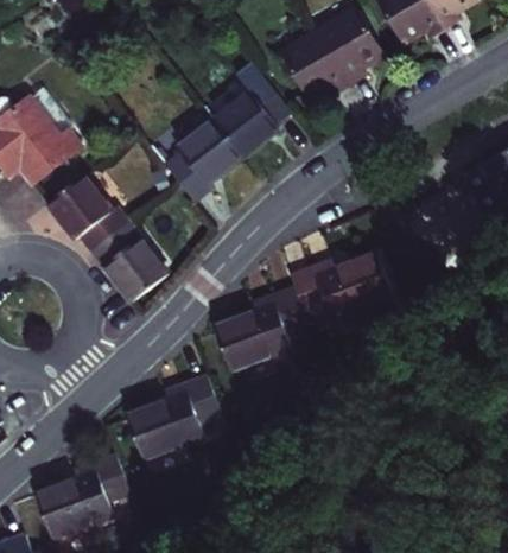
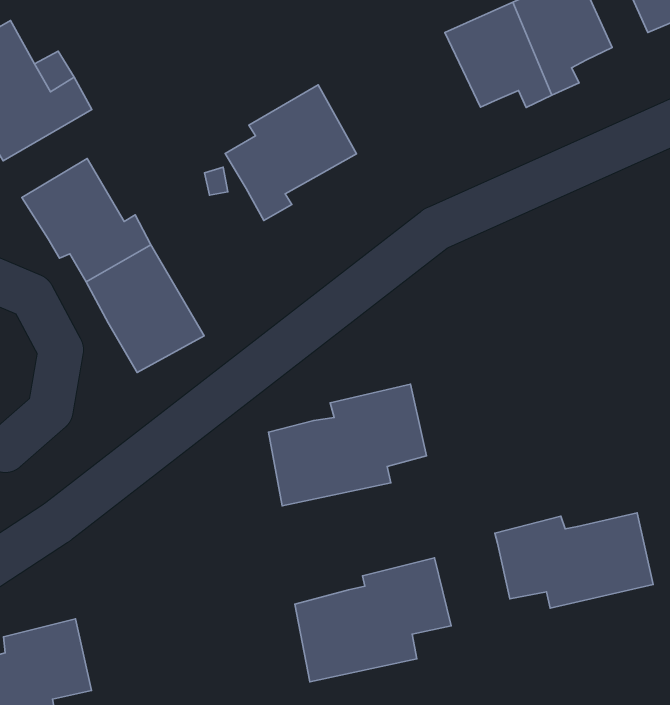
building: [214,69,293,151] -> none
building: [291,254,389,318] -> [495,513,653,608]
building: [126,373,221,457] -> [295,558,451,682]

